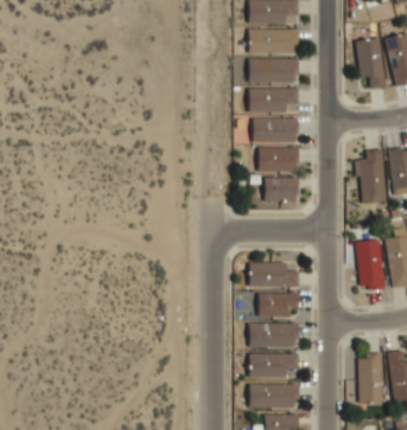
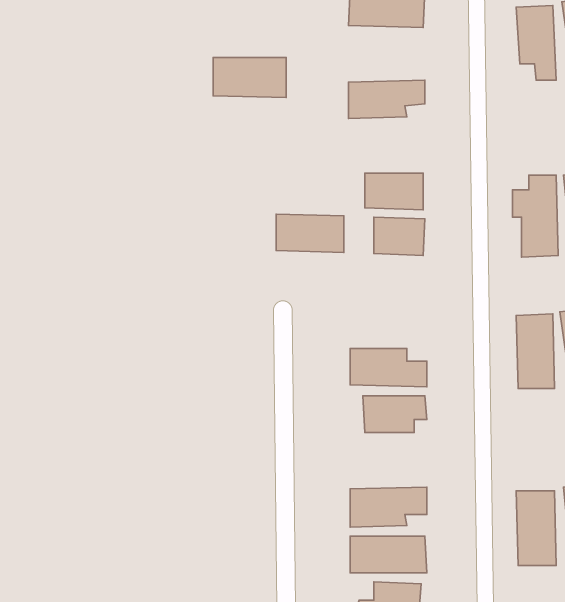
building: [249,58,297,84] -> [213,58,286,98]
building: [253,117,297,142] -> [276,214,344,252]
building: [249,322,297,347] -> none

